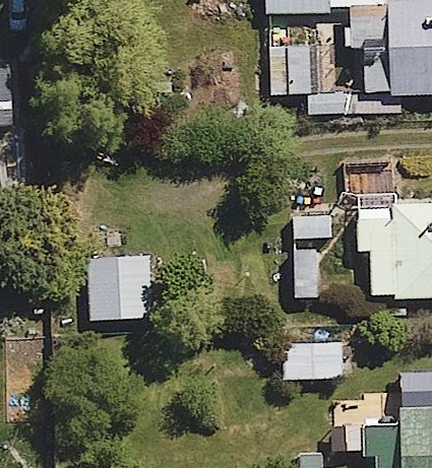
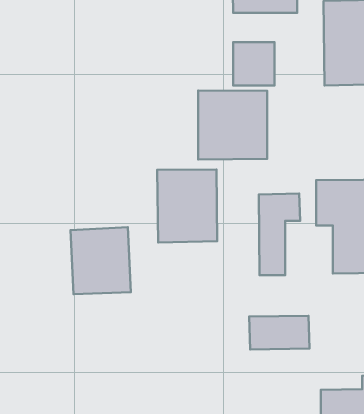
building: none -> [198,90,267,160]
building: none -> [157,170,217,242]

